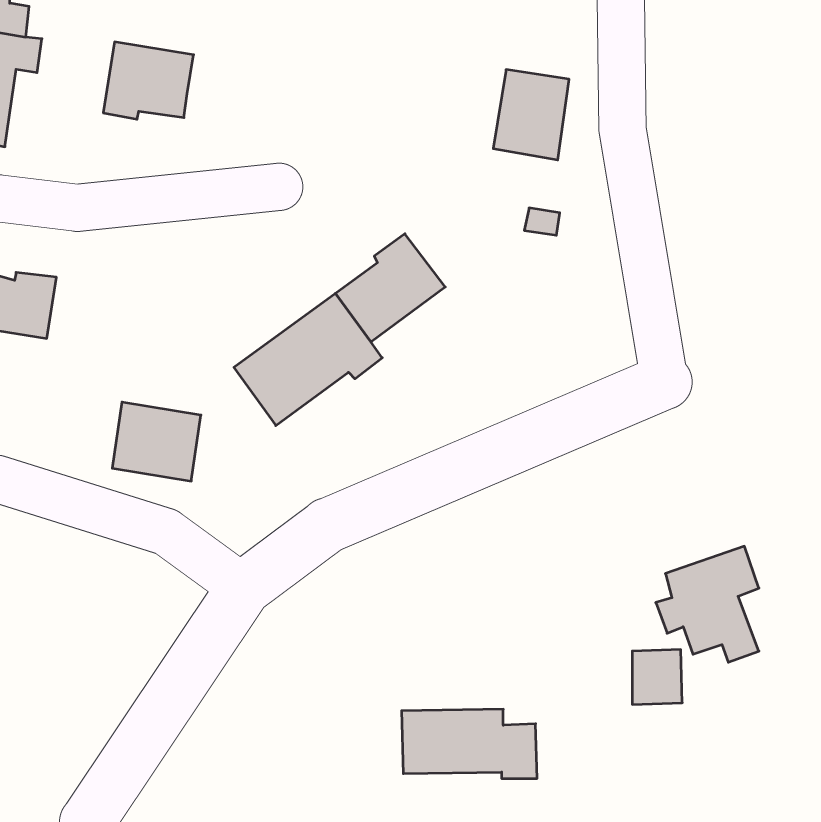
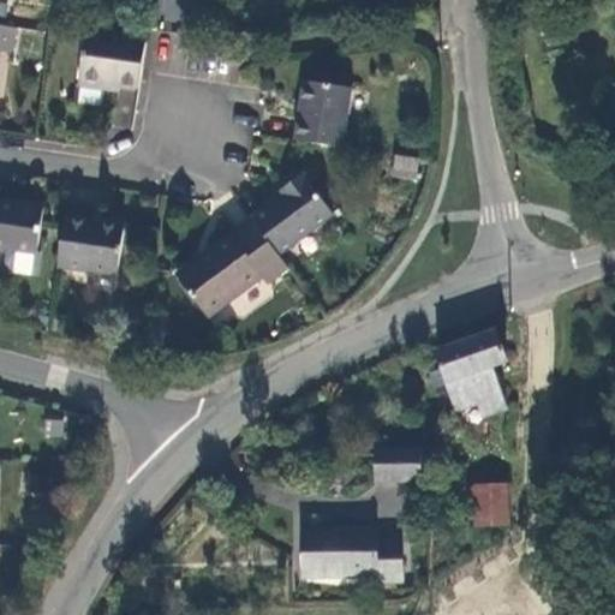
building: [493,70,569,160] -> [293,80,350,148]
building: [112,402,201,481] -> [56,215,123,274]
building: [656,546,759,662] -> [428,329,504,416]
building: none -> [374,447,419,482]

